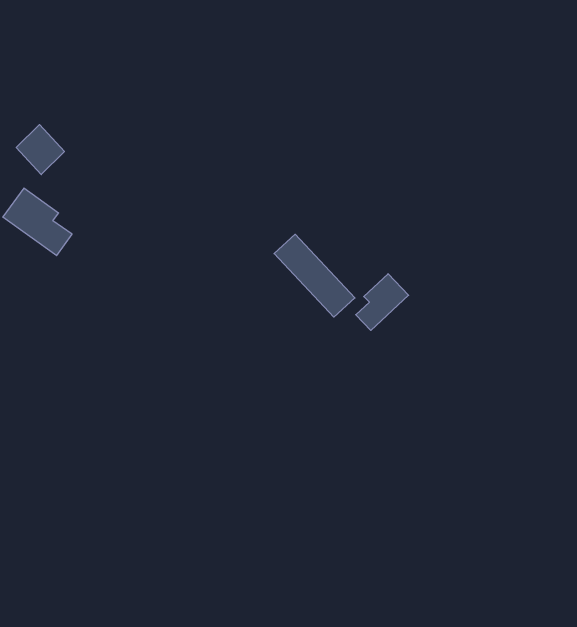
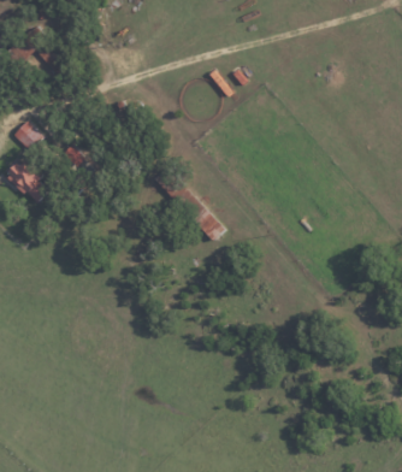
building: [356,274,409,330] -> none

